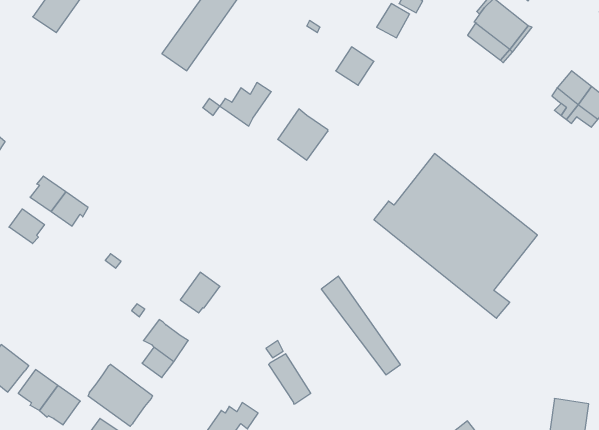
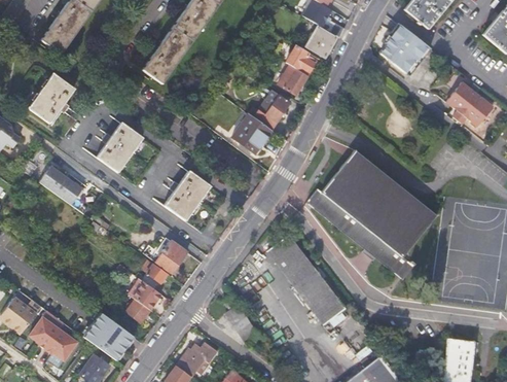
building: none -> [286,43,319,75]
building: none -> [29,73,74,123]
building: [220,83,271,126] -> [249,95,289,129]
building: none -> [98,123,143,172]
building: none -> [165,171,211,220]
building: [9,209,44,244] -> none
building: none -> [280,236,340,312]
building: none -> [143,259,169,289]

